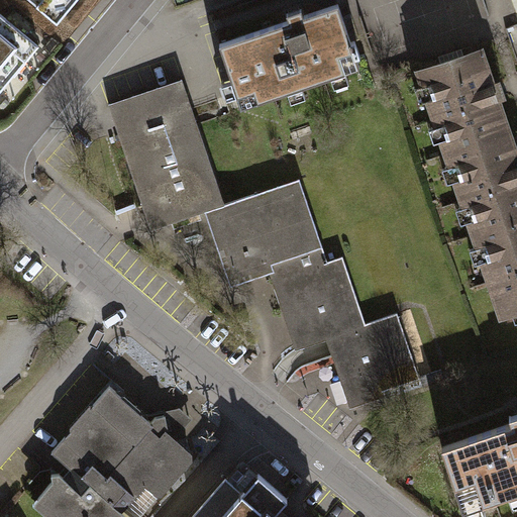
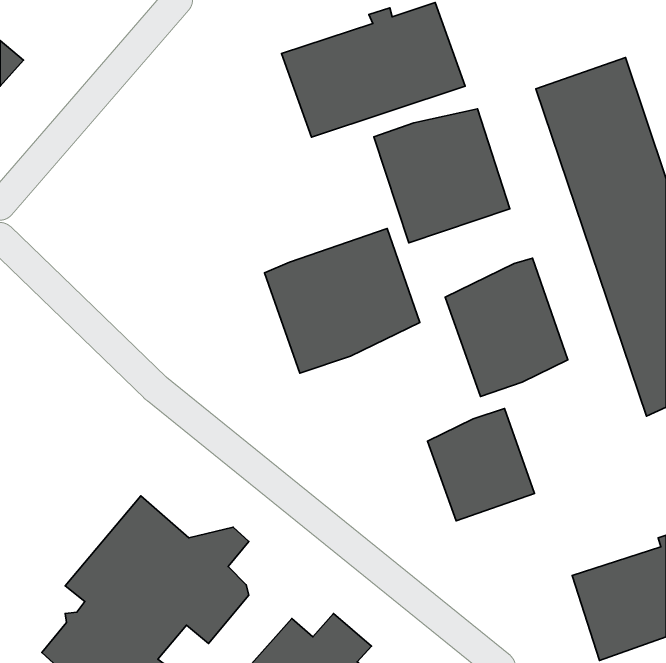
building: [107,81,224,232] -> none
building: none -> [374,109,510,243]
building: [272,248,367,355] -> [445,258,568,397]

